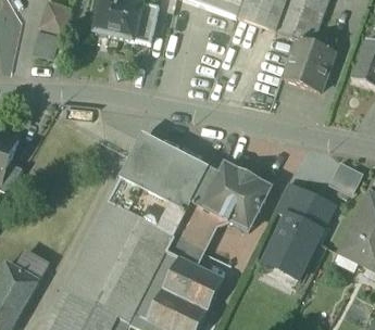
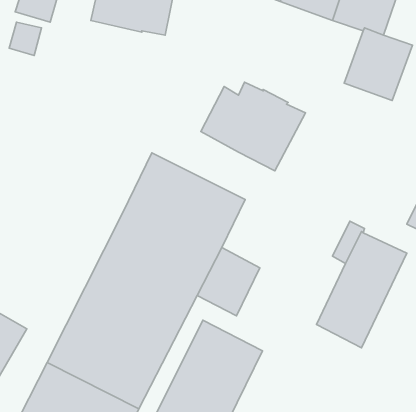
building: [192,163,271,229] -> [201,82,306,171]

